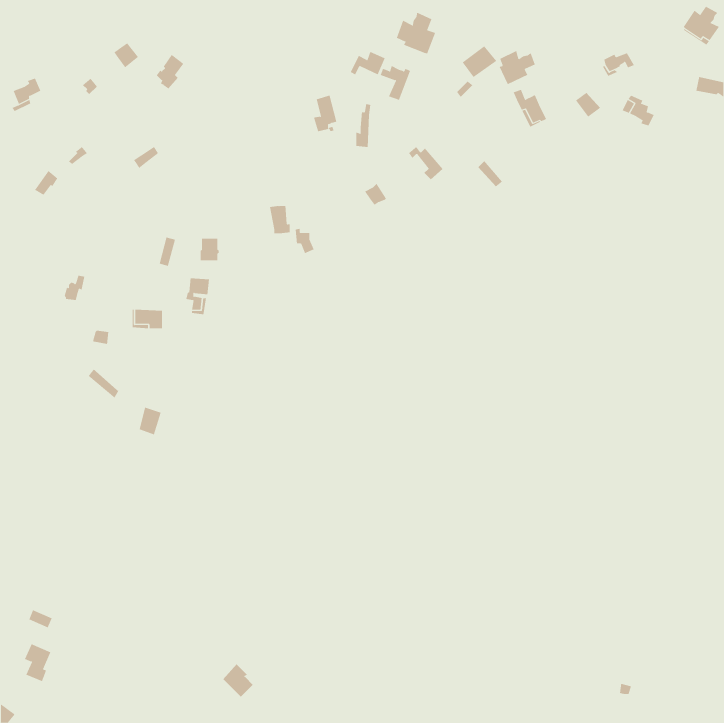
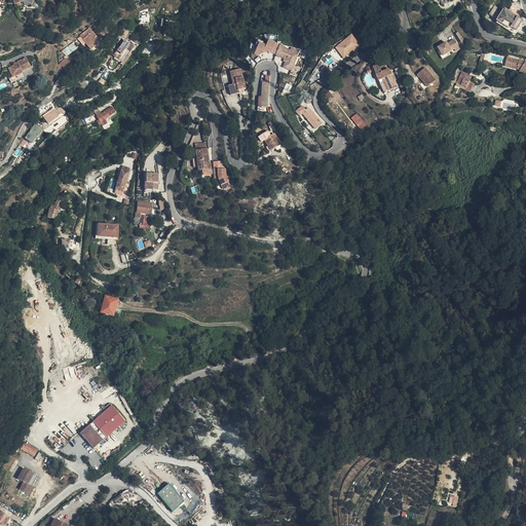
building: [396,12,436,54] -> none
building: [499,50,535,85] -> none
building: none -> [79,403,125,448]

